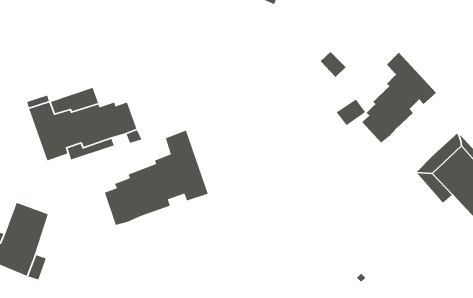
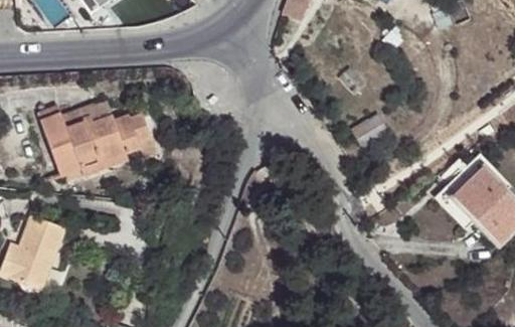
building: [362,52,437,143] -> none
building: [104,130,209,226] -> none

